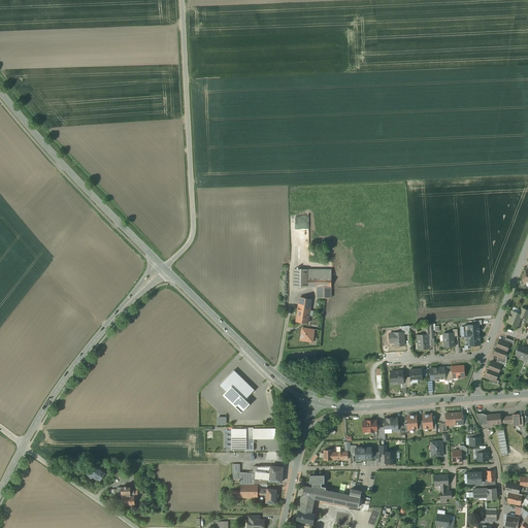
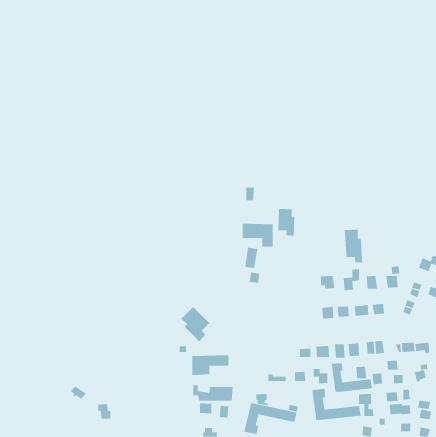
building: none -> [278,208,295,237]
building: none -> [344,229,363,263]
building: none -> [331,362,372,393]
building: none -> [312,388,361,421]

